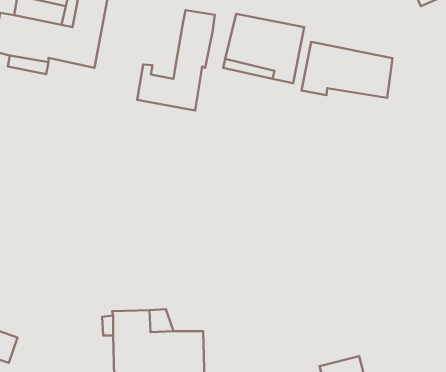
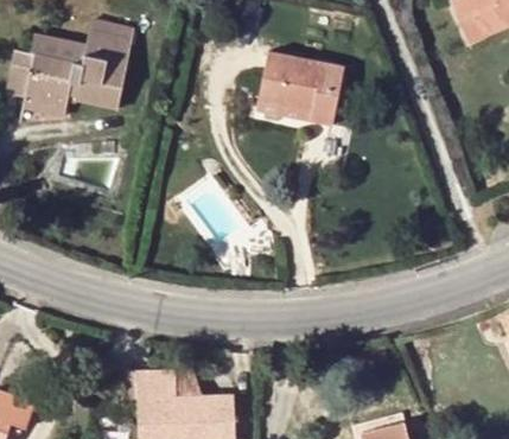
building: [137,10,215,111] -> none
building: [302,42,393,98] -> none

